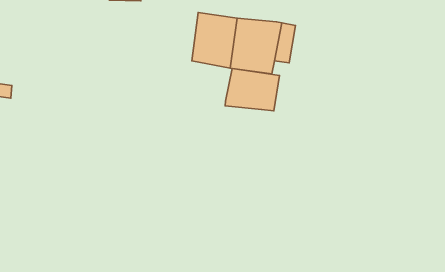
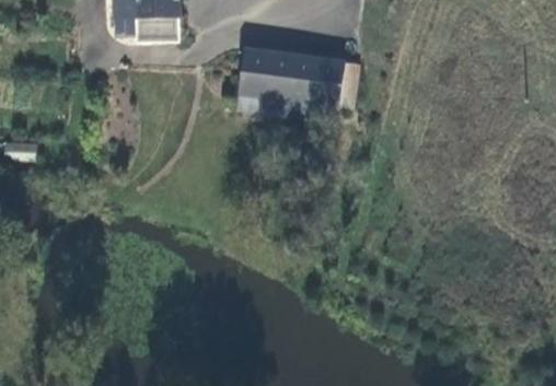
building: [225,69,280,111] -> none

